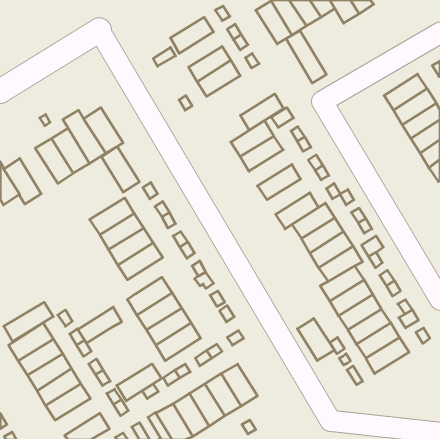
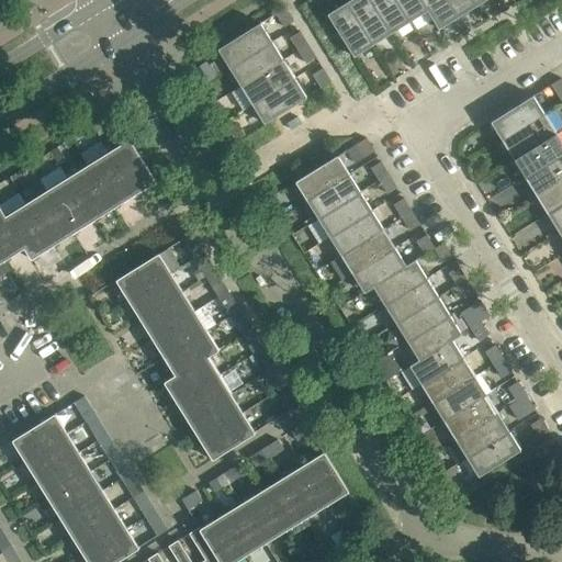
building: [286,31,326,83] -> none
building: none -> [228,42,283,87]
building: [240,94,284,130] -> [317,192,372,238]
building: [102,147,139,192] -> [25,190,74,248]
building: none -> [340,229,395,274]
building: [4,302,53,341] -> none
building: [78,307,122,343] -> [162,329,218,375]
building: [297,318,334,361] -> [303,452,350,506]
building: [117,364,162,401] -> [70,509,127,557]

